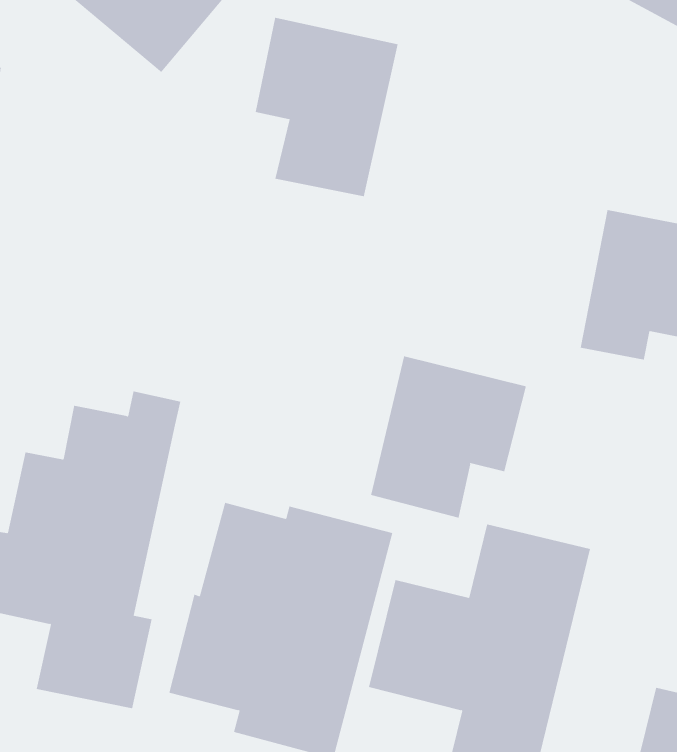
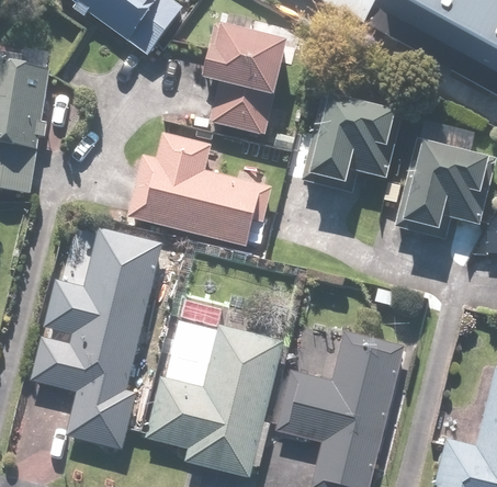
building: none -> [303,94,400,183]
building: none -> [128,132,263,245]
building: [370,356,527,518] -> none

